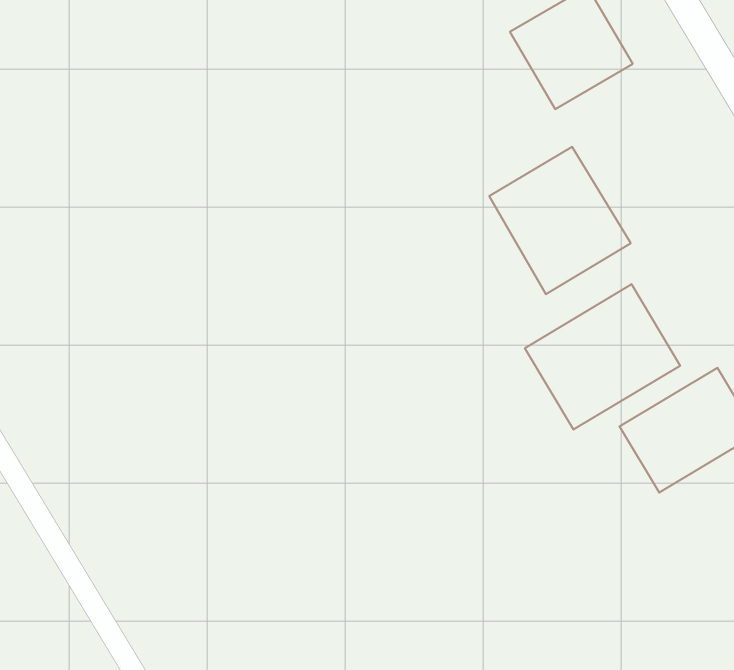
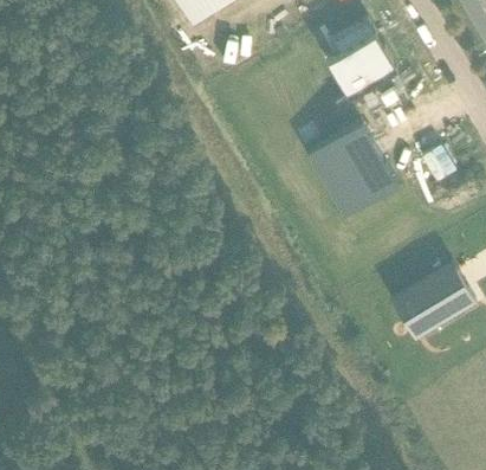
building: [525,284,680,430] -> none

